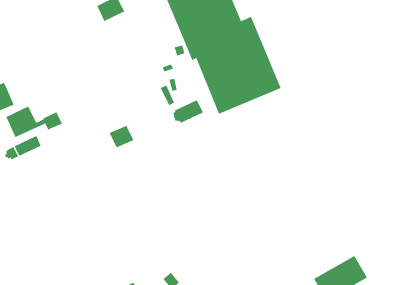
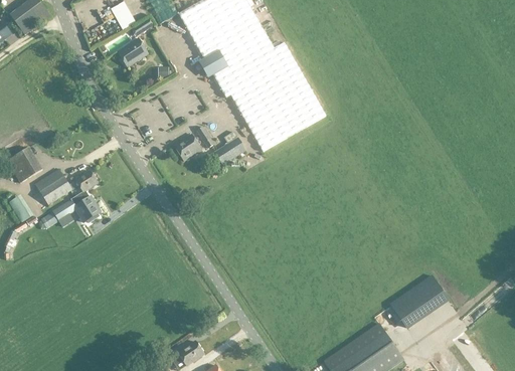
building: [109,125,134,148] -> [173,134,201,160]
building: none -> [70,189,100,218]

